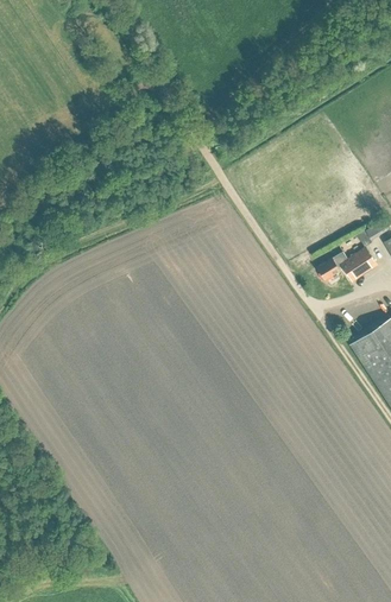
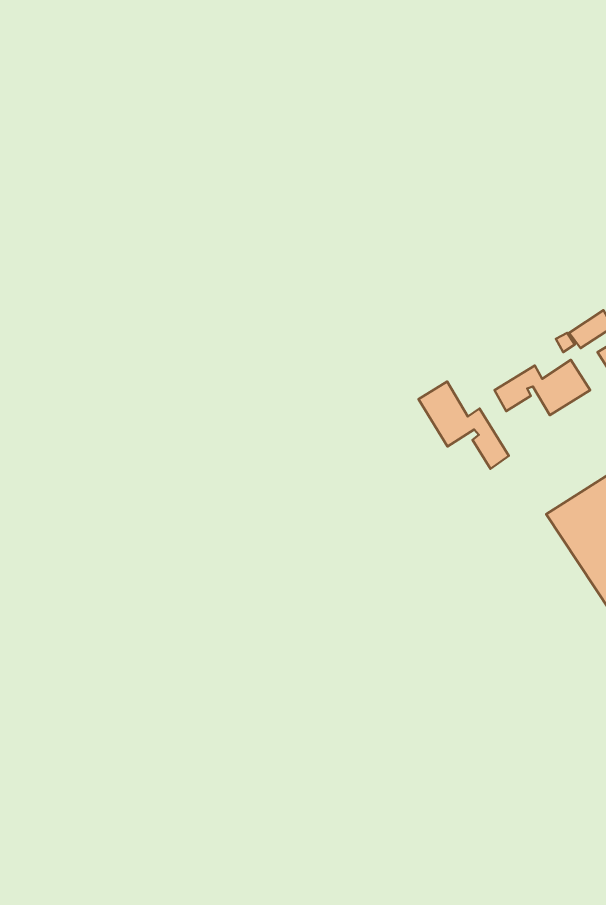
building: none -> [418,382,509,469]

